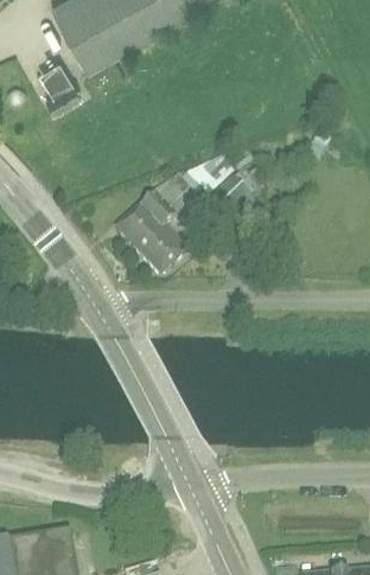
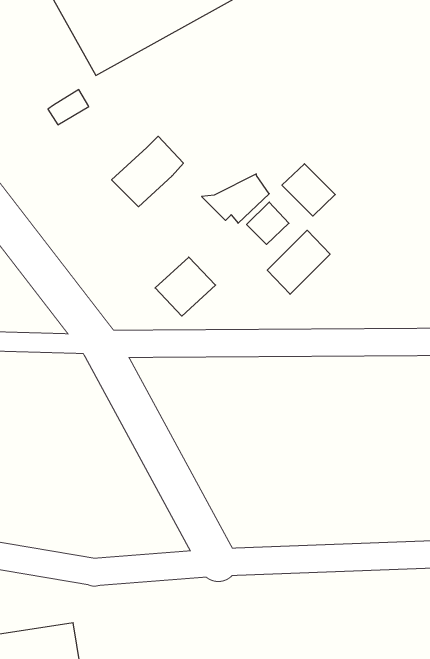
building: none -> [282,164,335,216]
building: [114,191,174,250] -> [112,136,183,207]
building: none -> [267,230,330,294]

